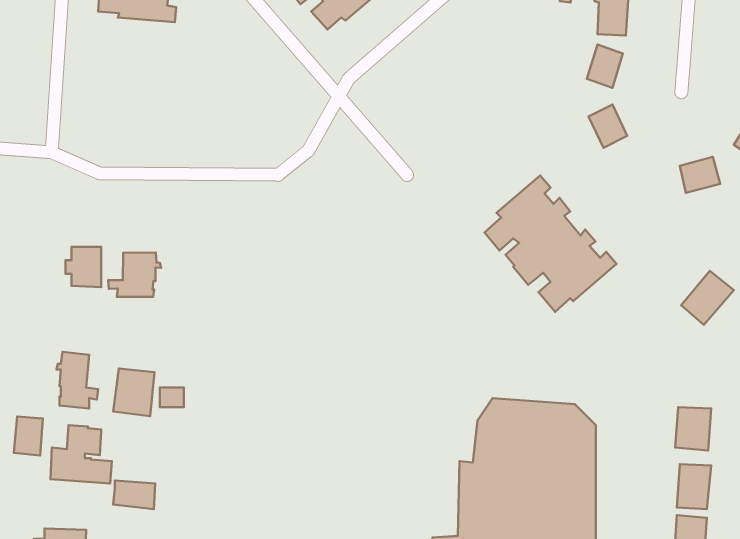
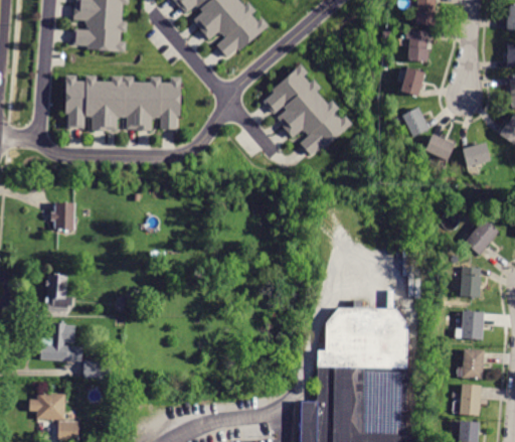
building: none -> [64,76,180,132]
building: none -> [424,134,454,161]
building: [485,175,617,312] -> [263,64,351,156]
building: [108,253,161,297] -> none
building: none -> [460,267,480,298]
building: [113,368,155,416] -> none
building: [14,416,43,455] -> none

